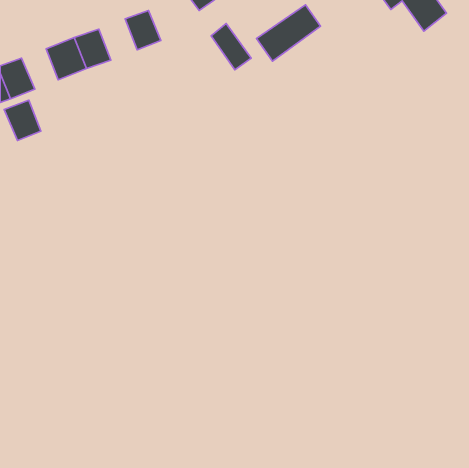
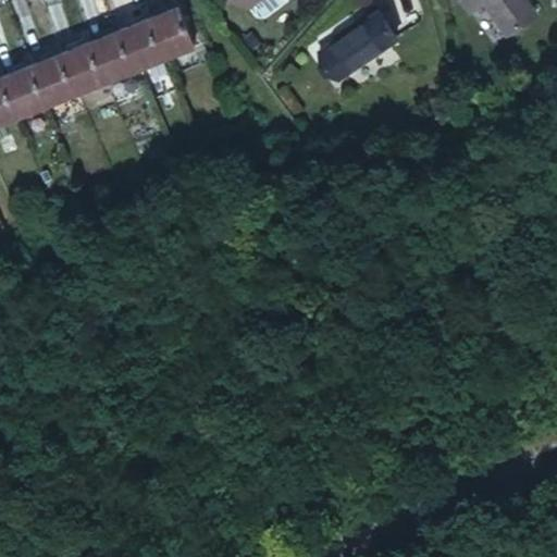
building: none -> [127,22,172,70]
building: [211,24,251,70] -> none
building: [4,100,41,141] -> [38,57,81,103]

